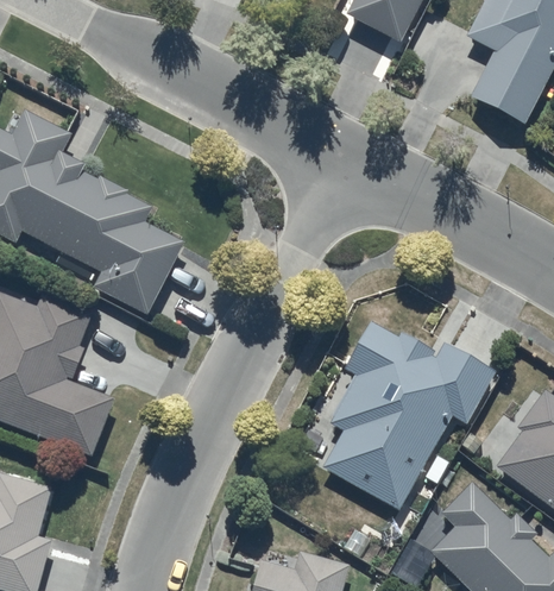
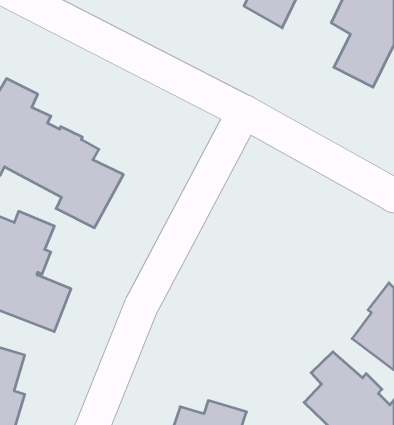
building: [322,320,495,510] -> none

